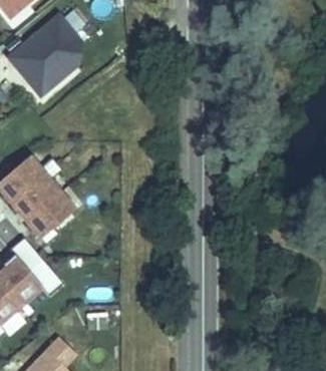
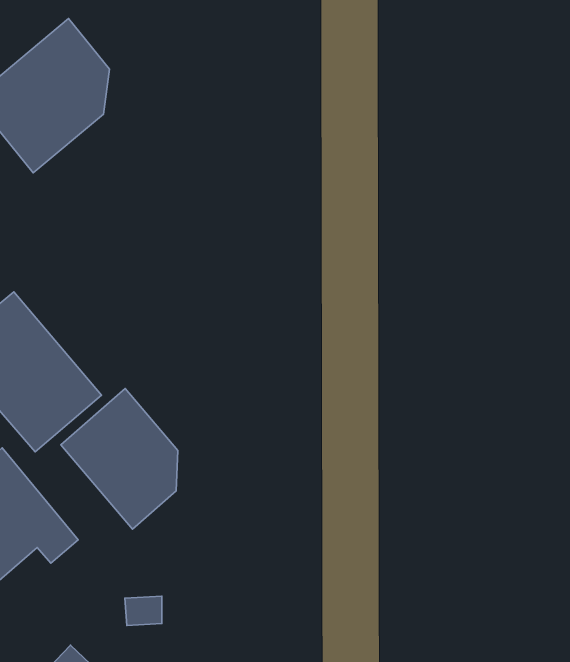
building: none -> [61,389,178,529]

